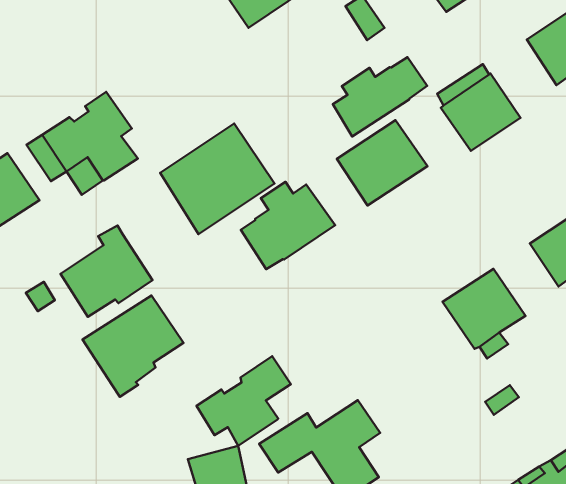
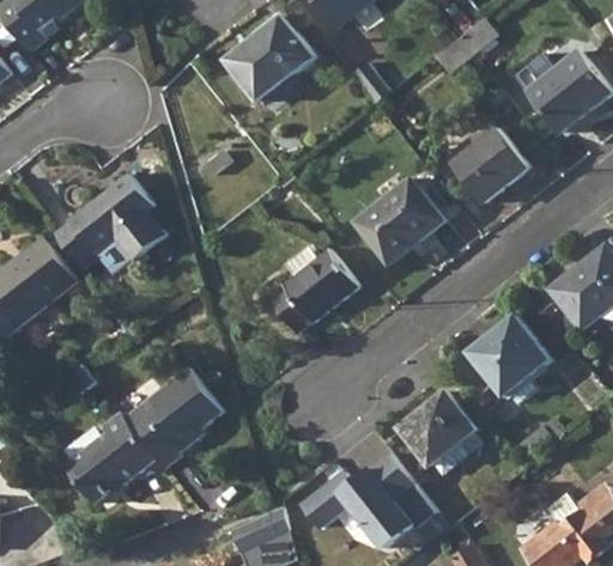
building: [333,57,427,136] -> none
building: [160,123,274,234] -> none
building: [61,225,153,317] -> [65,408,154,499]
building: none -> [400,391,474,464]
building: [196,356,291,446] -> none

